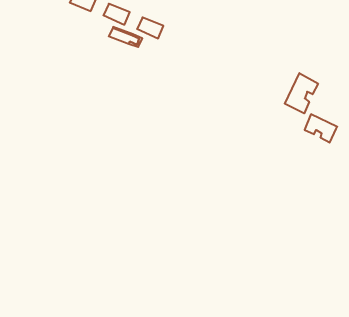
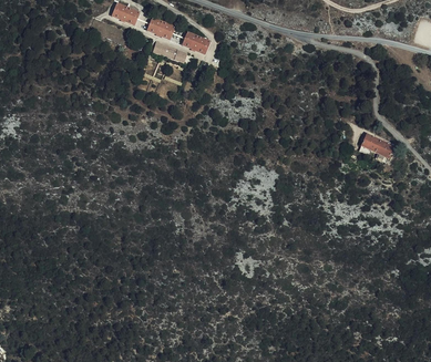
building: [285,73,318,113] -> none

